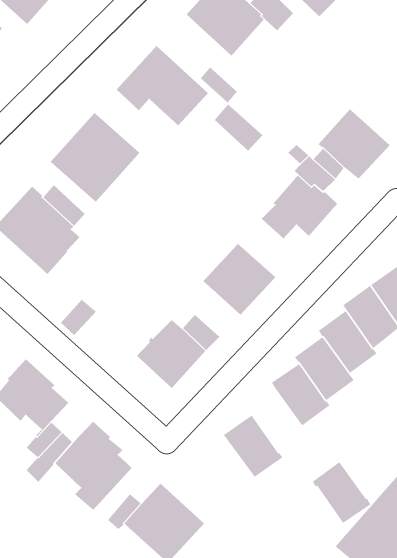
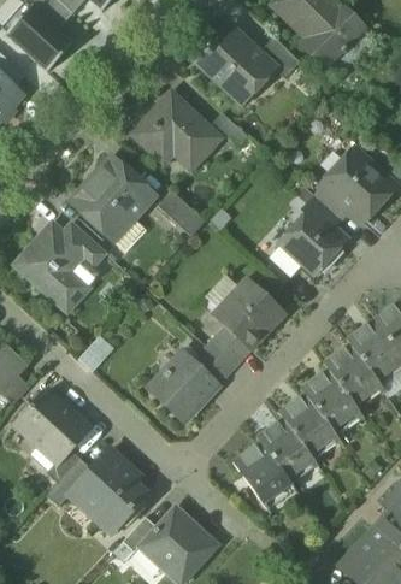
building: [214,103,263,152] -> [158,190,205,236]
building: none -> [206,326,249,368]
building: [312,461,371,525] -> [255,418,312,478]

